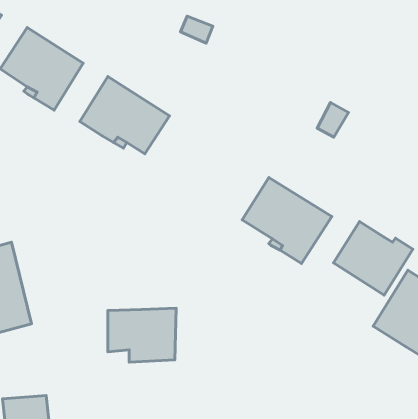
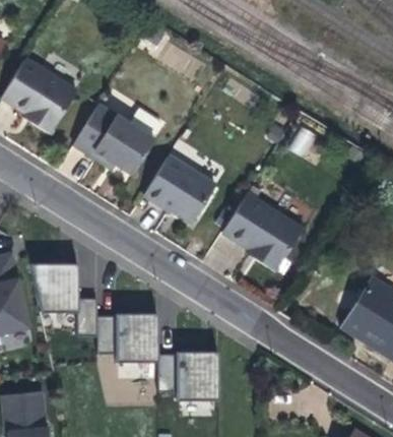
building: none -> [143,155,215,223]
building: [333,221,413,295] -> none
building: none -> [30,264,99,335]
building: none -> [159,351,217,400]

